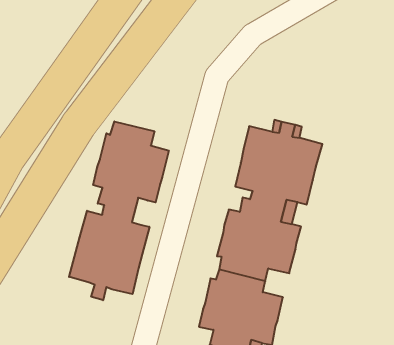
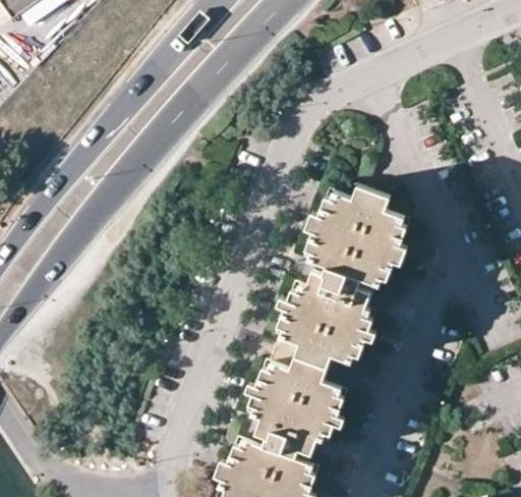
building: [69,121,169,300] -> none

